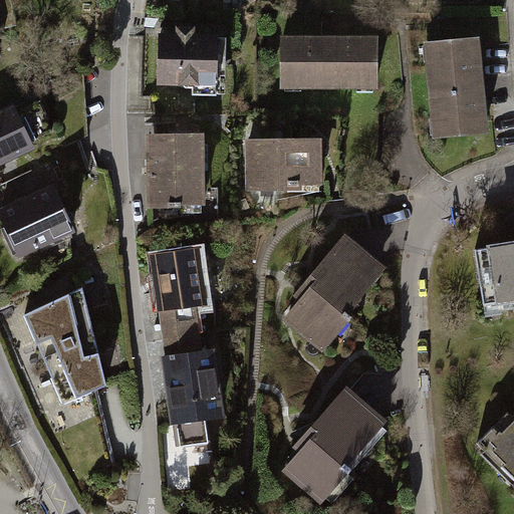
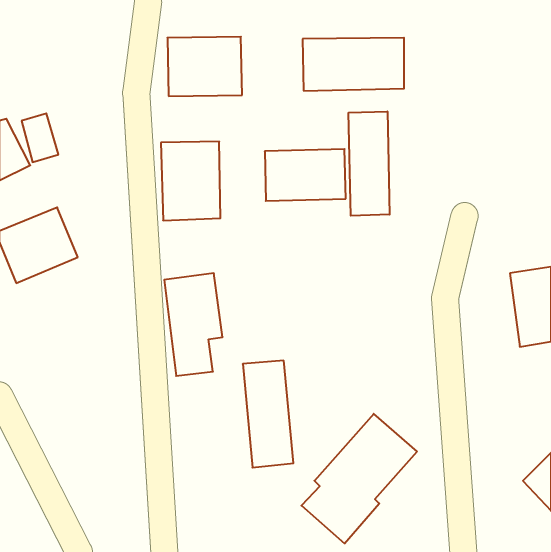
building: [426,34,488,137] -> none
building: none -> [349,111,390,216]
building: [283,230,389,352] -> none
building: [23,294,102,409] -> none
building: [165,361,212,461] -> [243,361,293,468]

